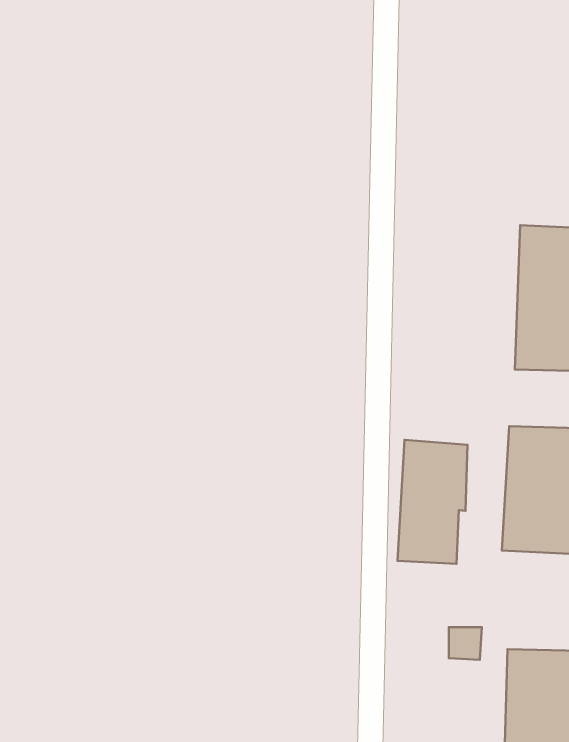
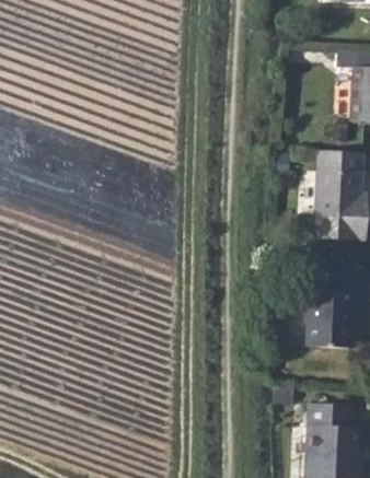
building: [397,440,467,564] -> none

